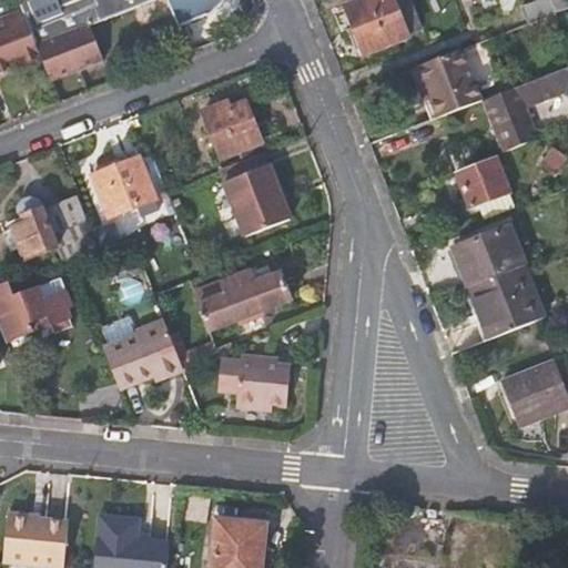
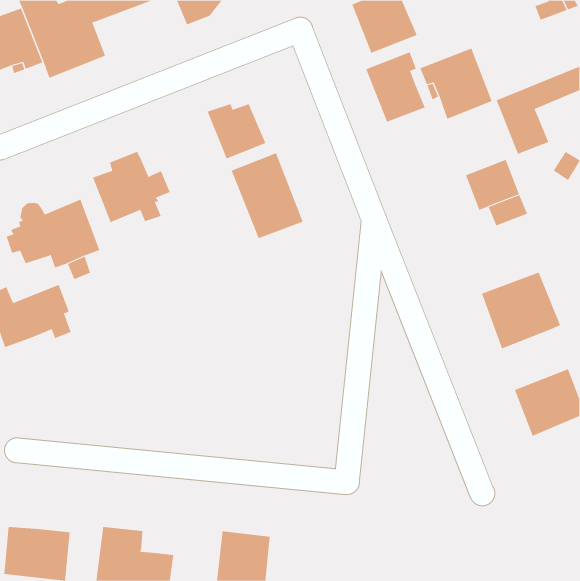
building: none -> [365,52,426,123]
building: [454,224,526,286] -> none
building: [196,268,290,329] -> none
building: [101,318,182,388] -> none
building: [217,354,288,408] -> none

